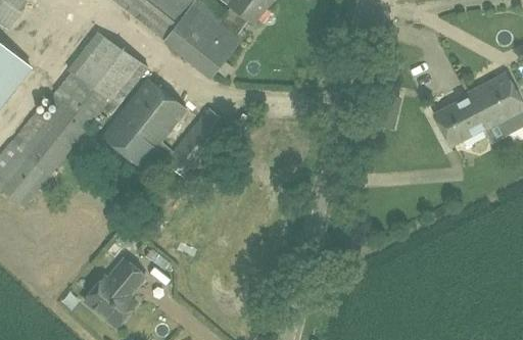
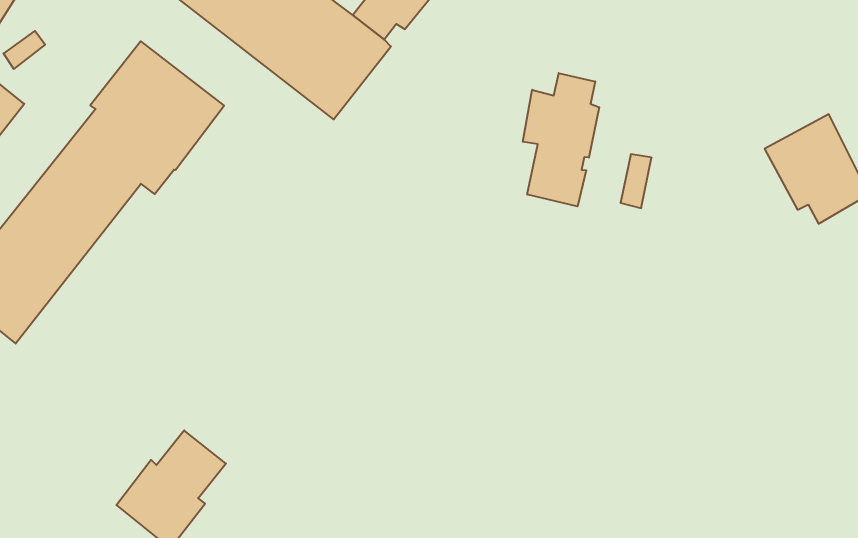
building: none -> [523,73,599,206]
building: [101,77,229,177] -> none
building: [431,93,484,145] -> none

